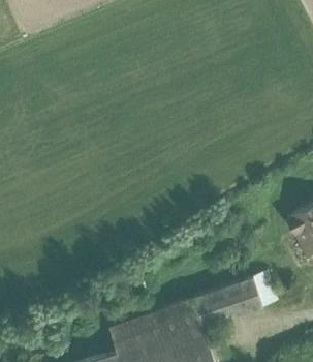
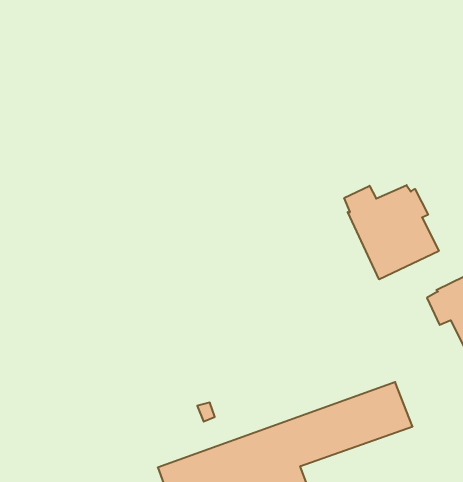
building: none -> [344,185,439,279]

